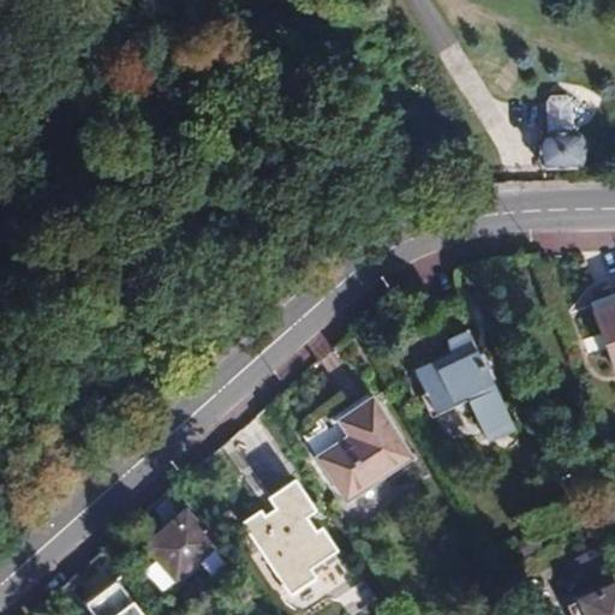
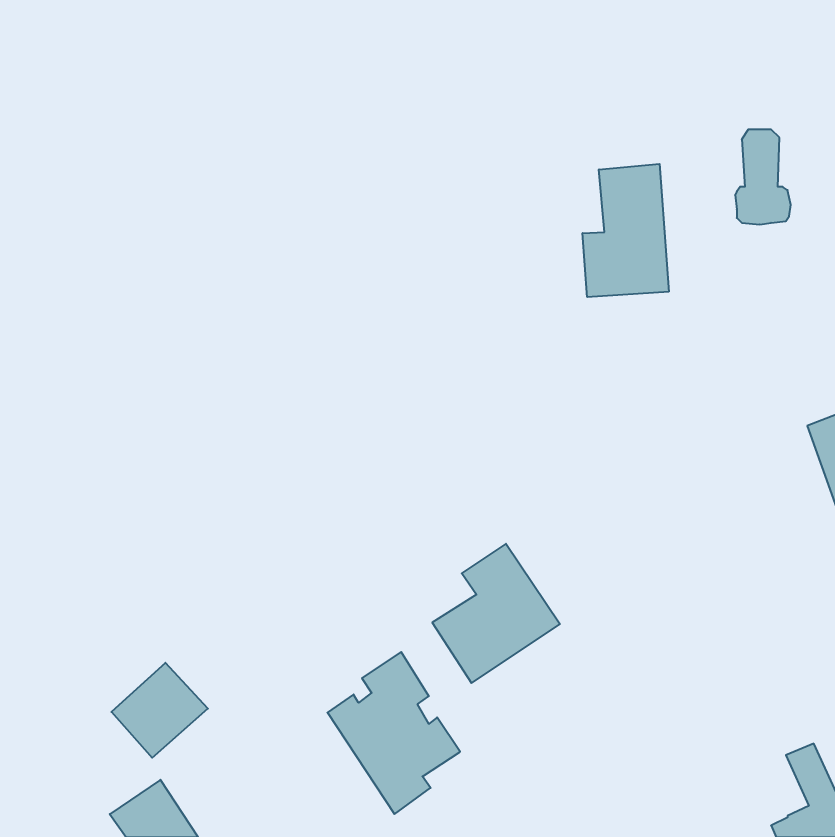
building: none -> [583,164,669,297]
building: [416,297,515,441] -> none
building: [145,510,216,580] -> [111,663,208,758]

